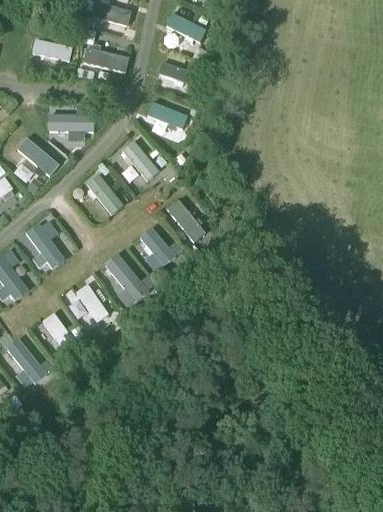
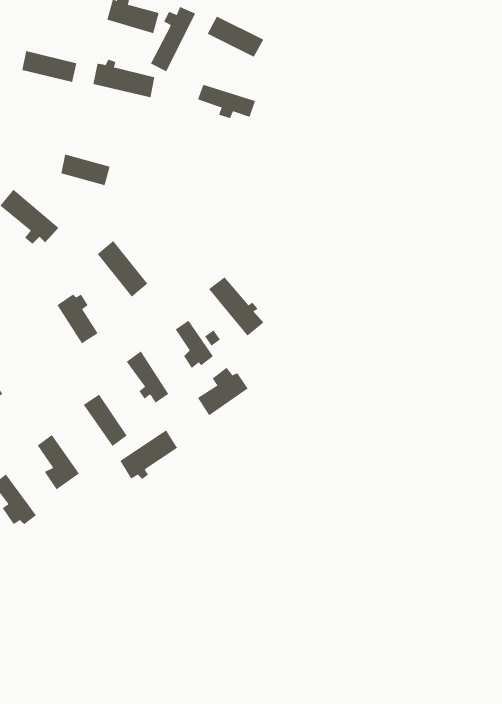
building: none -> [150,6,196,72]
building: [146,102,187,131] -> none
building: [122,141,159,181] -> none
building: [28,226,58,262] -> [57,294,98,344]
building: none -> [197,367,249,416]
building: none -> [119,430,178,480]

